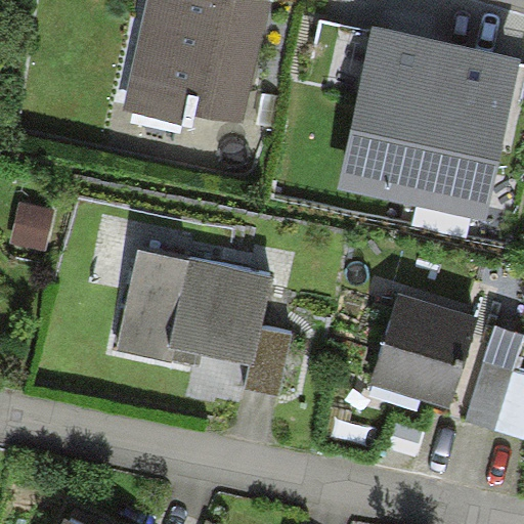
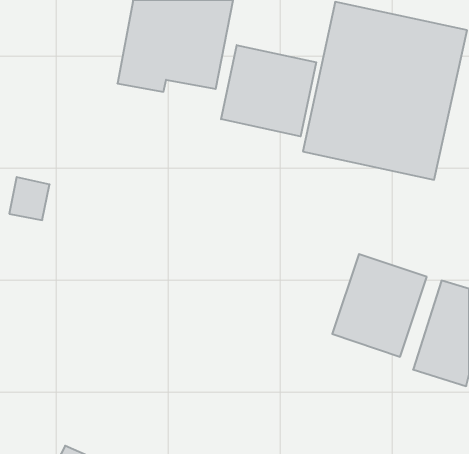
building: none -> [221,45,316,136]
building: [112,221,289,406] -> none

